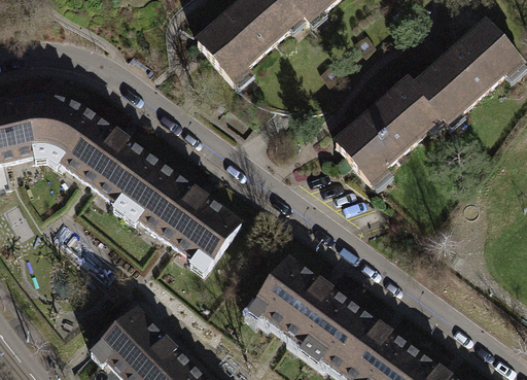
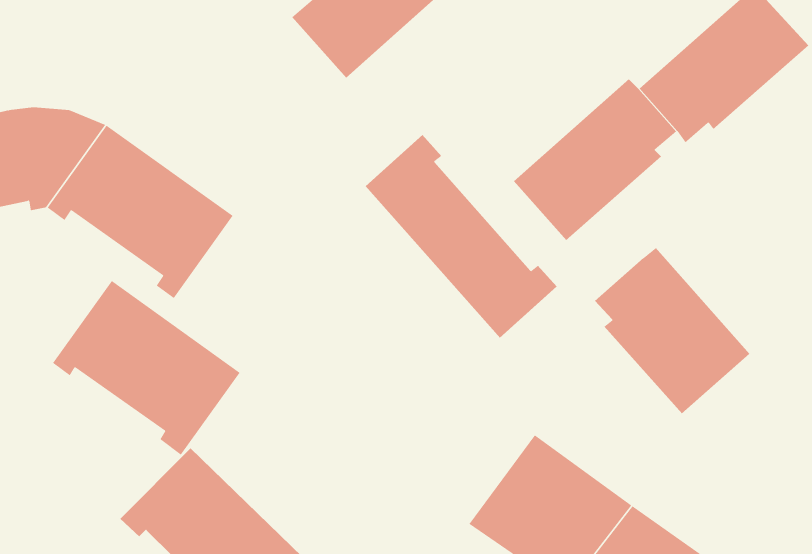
building: none -> [365,134,557,338]
building: [125,164,242,273] -> [52,280,241,456]
building: none -> [594,247,750,414]
building: [248,255,349,355] -> none

